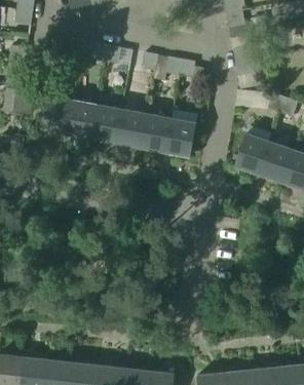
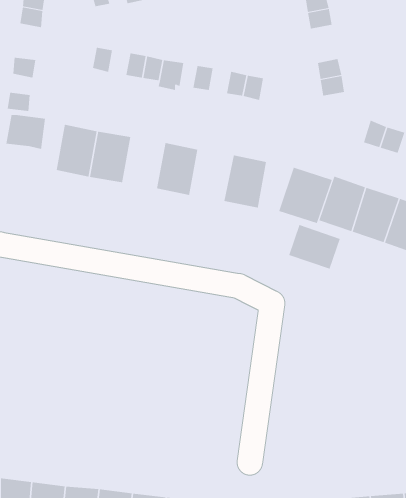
building: [90,105,121,143] -> none
building: [140,114,172,152] -> none
building: none -> [278,167,333,224]
building: none -> [288,224,340,270]

